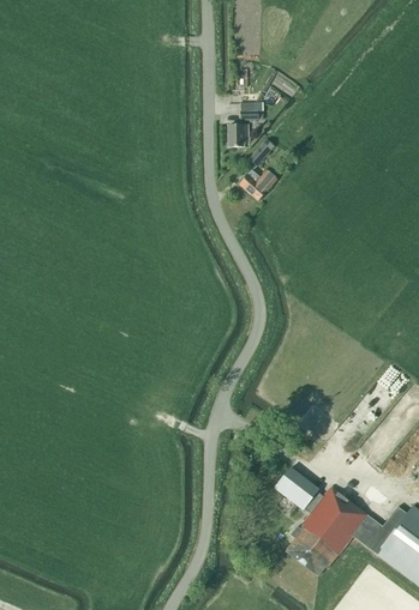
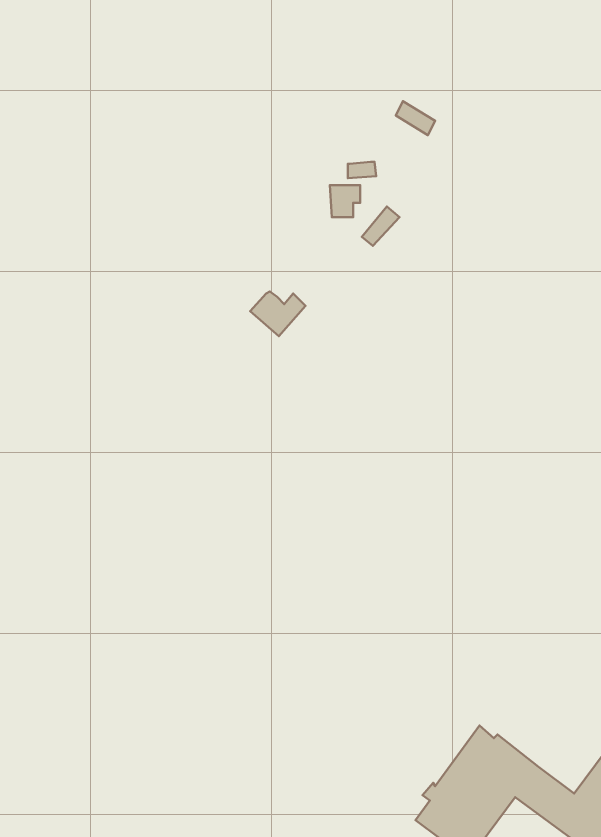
building: [238,170,275,200] -> [250,292,306,336]
building: [274,467,318,509] -> none

